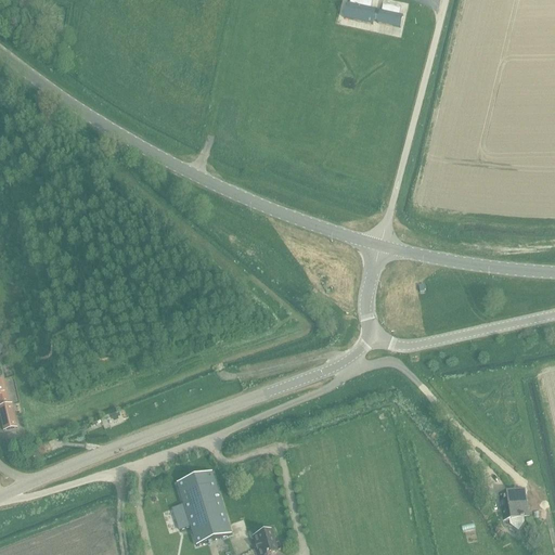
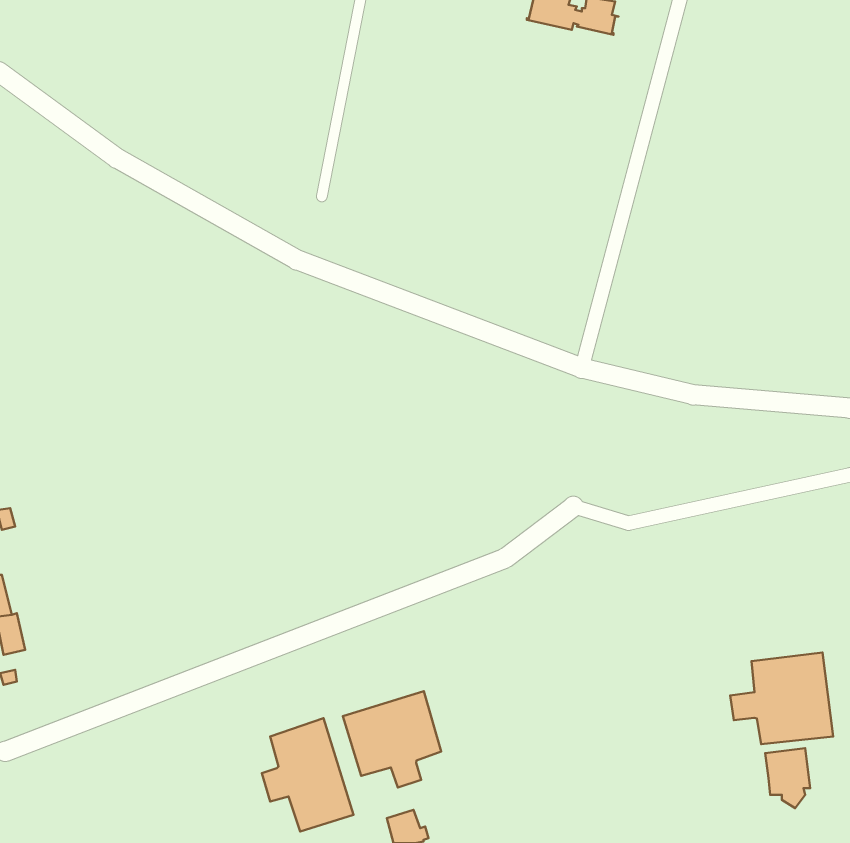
building: none -> [730,653,833,744]
building: none -> [343,691,441,788]

